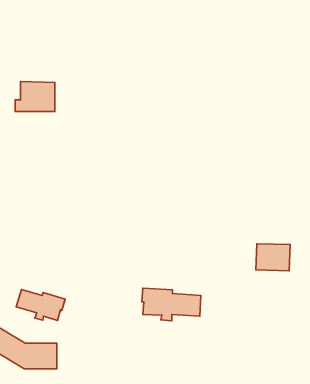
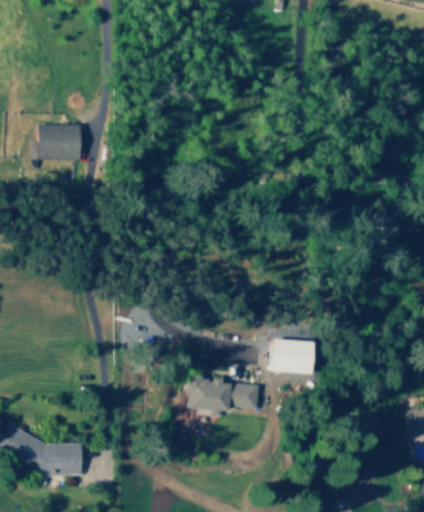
building: [256,244,290,271] -> [273,340,316,373]
building: [16,289,65,321] -> none

